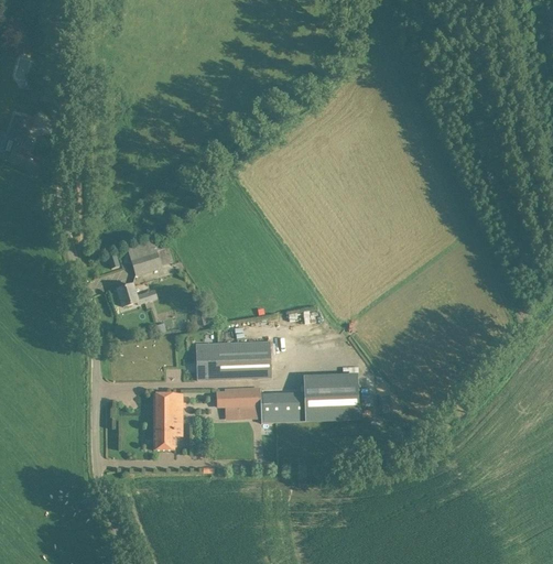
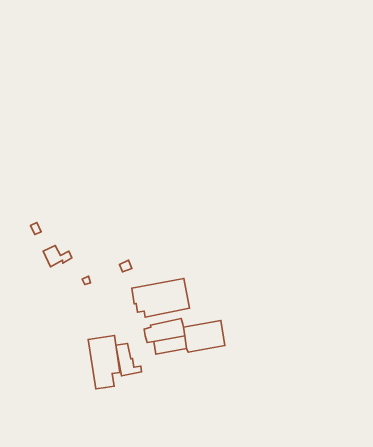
building: [126,236,172,273] -> none
building: [195,343,219,378] -> [116,343,142,376]
building: [302,376,358,425] -> none

